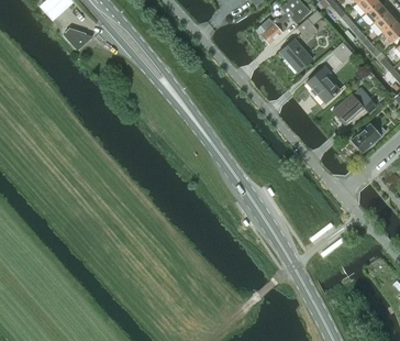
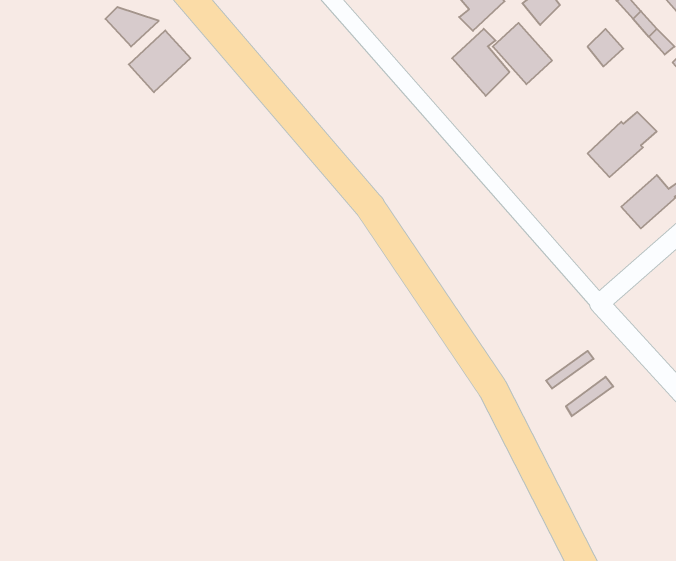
building: none -> [129,30,190,92]
building: [307,66,338,103] -> [452,29,509,96]

